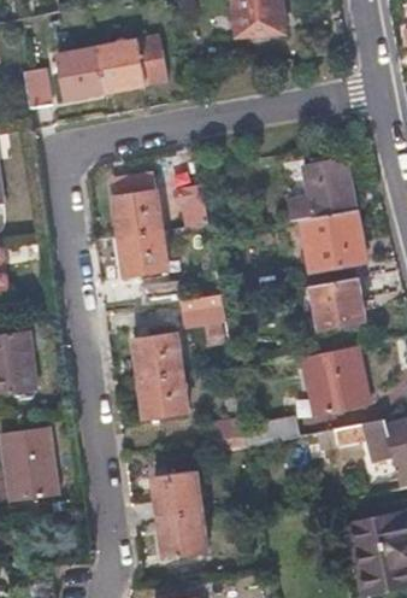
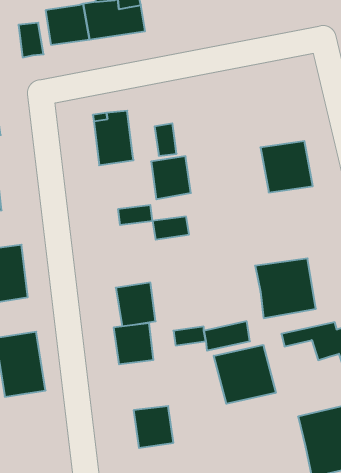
building: [290,160,354,217] -> none
building: [118,230,164,280] -> [151,156,191,199]
building: [314,276,365,326] -> none
building: [132,334,177,377] -> none
building: none -> [214,345,276,404]
building: [152,471,197,518] -> [114,323,153,364]

